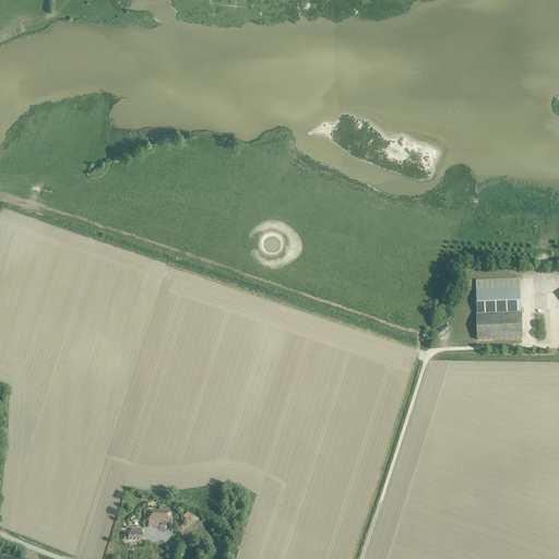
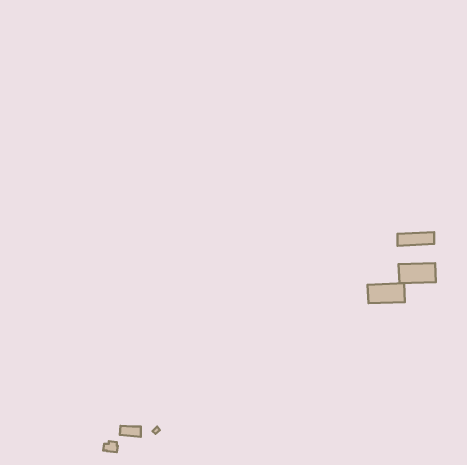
building: [475,292,520,316] -> [368,283,405,303]

